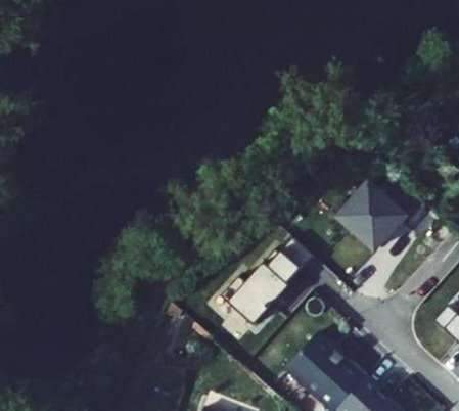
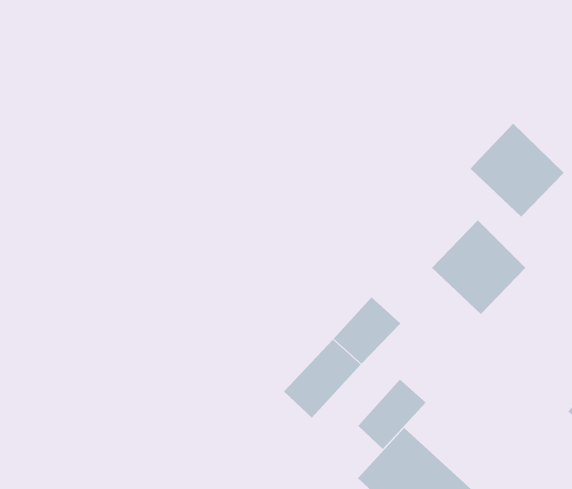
building: none -> [470,123,564,217]
building: none -> [358,379,427,450]

